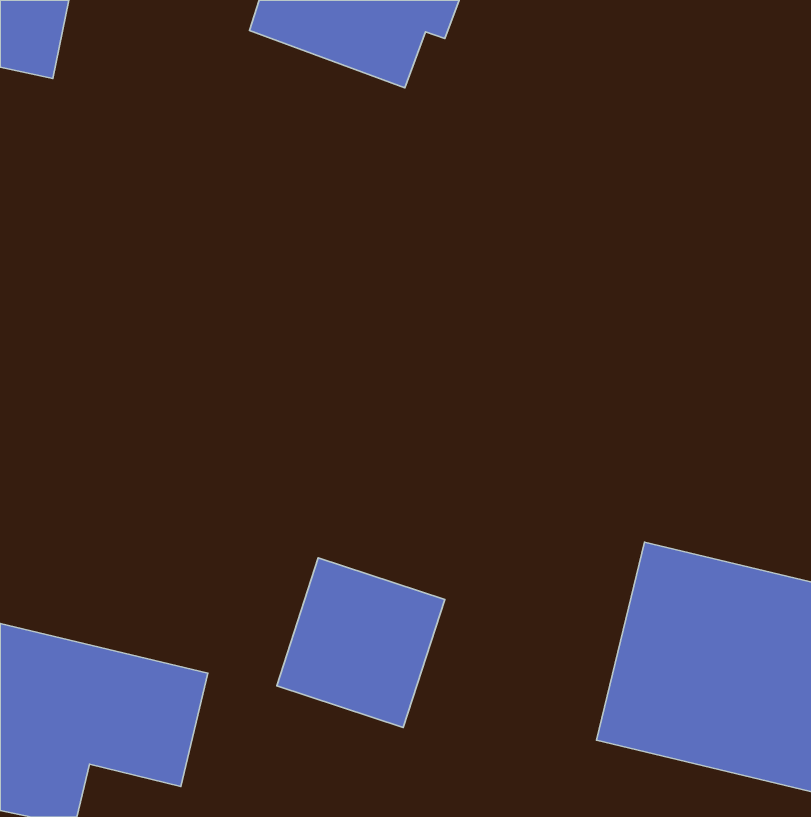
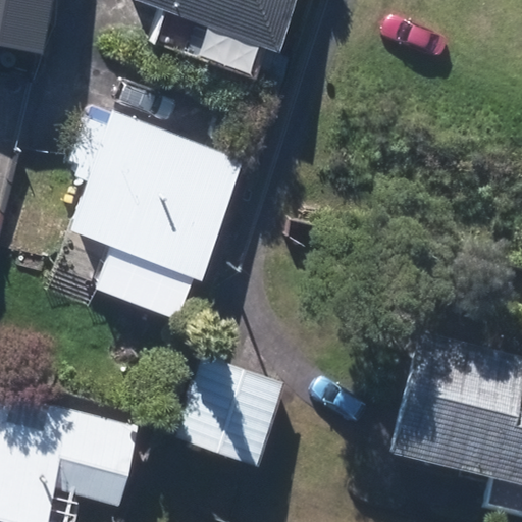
building: none -> [69,114,241,316]

